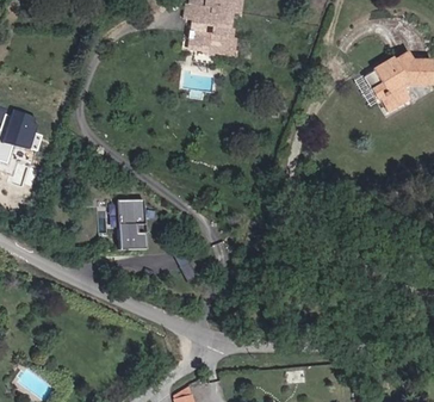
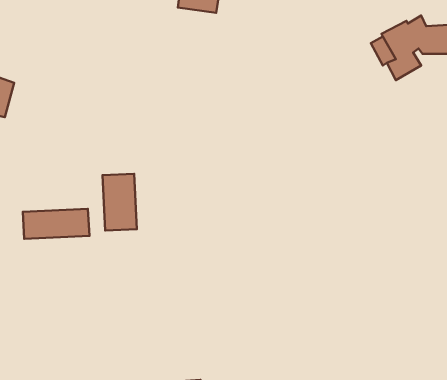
building: none -> [23,209,89,239]

